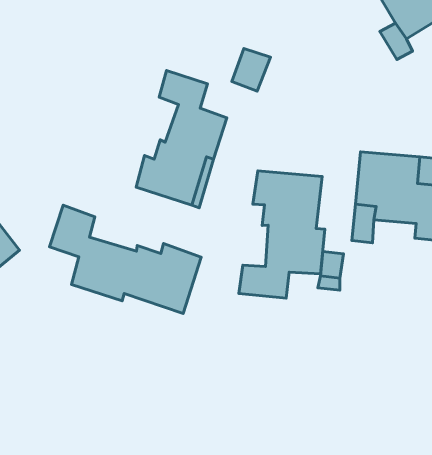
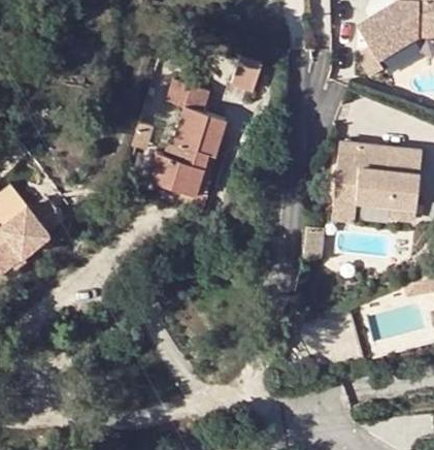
building: [239,171,325,298] -> none
building: [50,205,201,314] -> none

